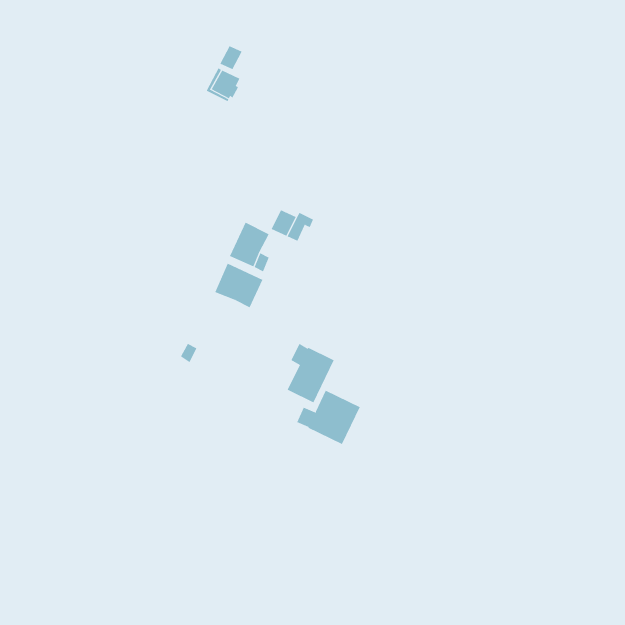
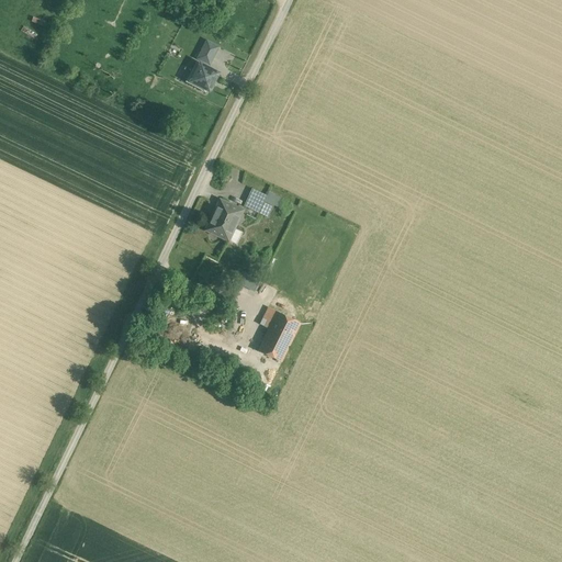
building: [215,263,263,308] -> none
building: [296,390,361,445] -> none

